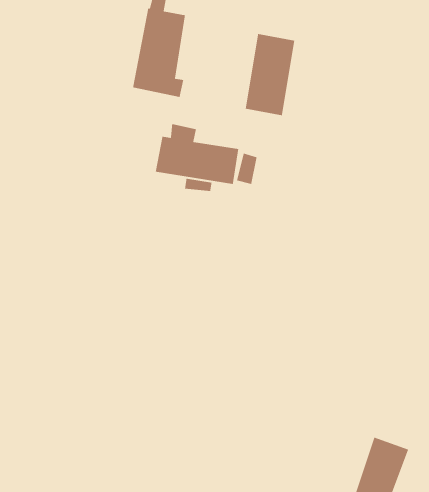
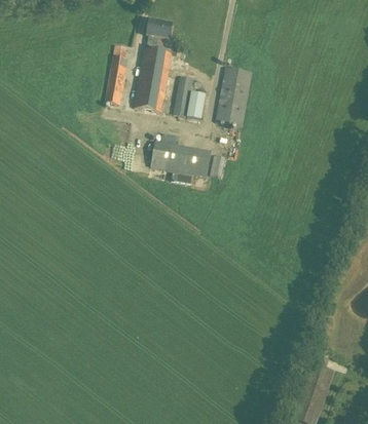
building: none -> [104,55,127,105]
building: none -> [173,75,206,119]

